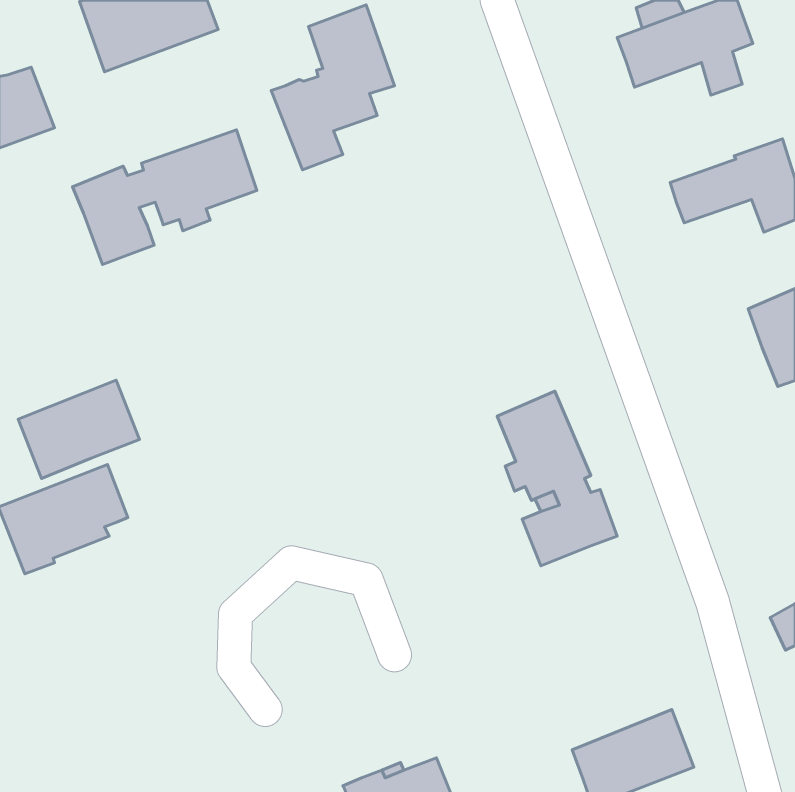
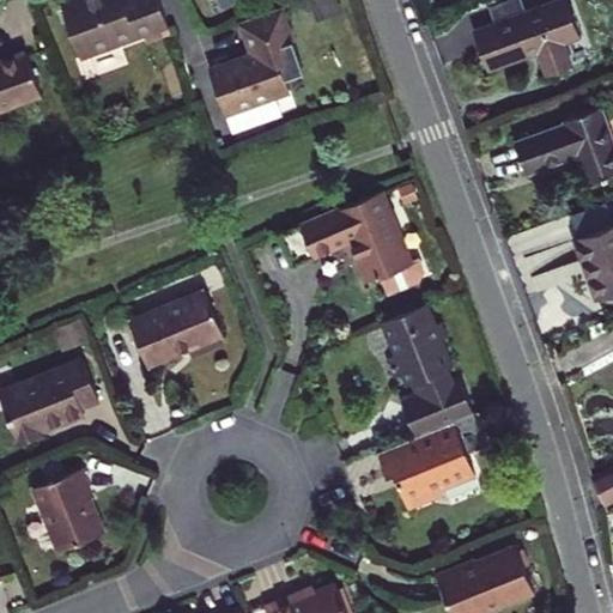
building: [72,130,257,265] -> none
building: none -> [266,193,423,295]
building: [18,380,140,478] -> [129,292,223,368]
building: none -> [377,415,487,509]
building: none -> [32,471,104,553]

